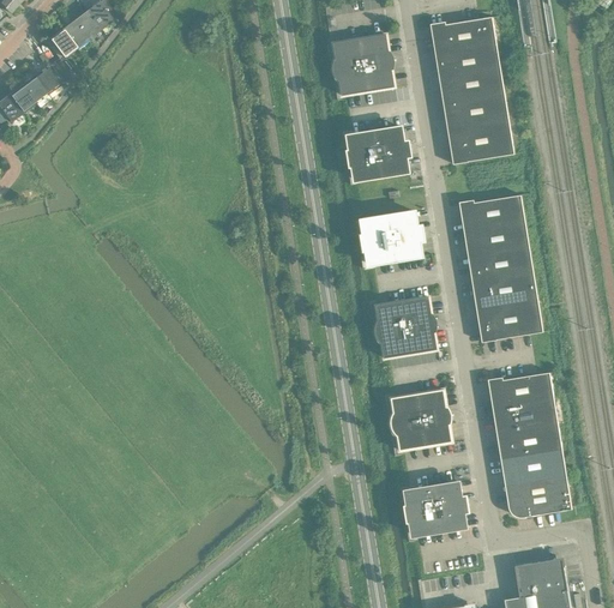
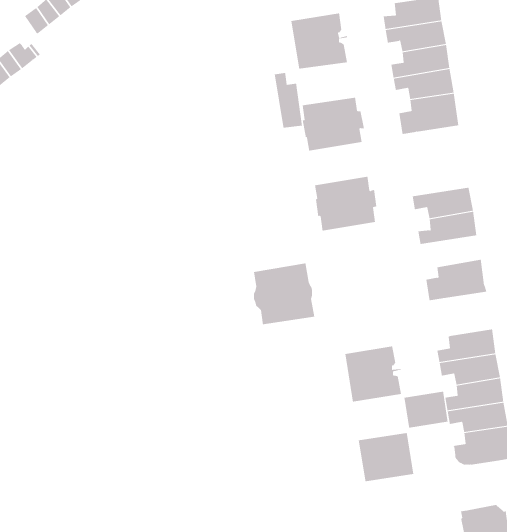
building: none -> [274,72,303,128]
building: [459,194,523,230] -> none
building: [470,272,536,306] -> none
building: [372,294,438,360] -> [253,263,315,325]
building: none -> [404,391,448,429]

